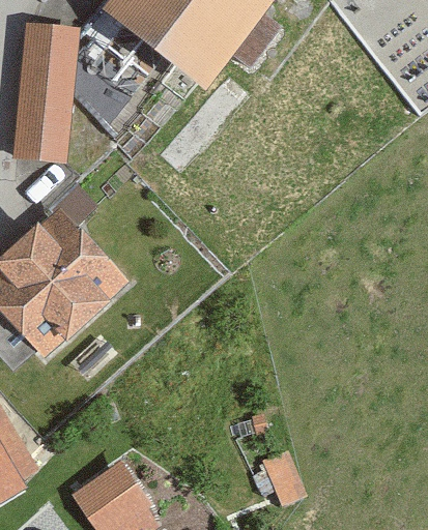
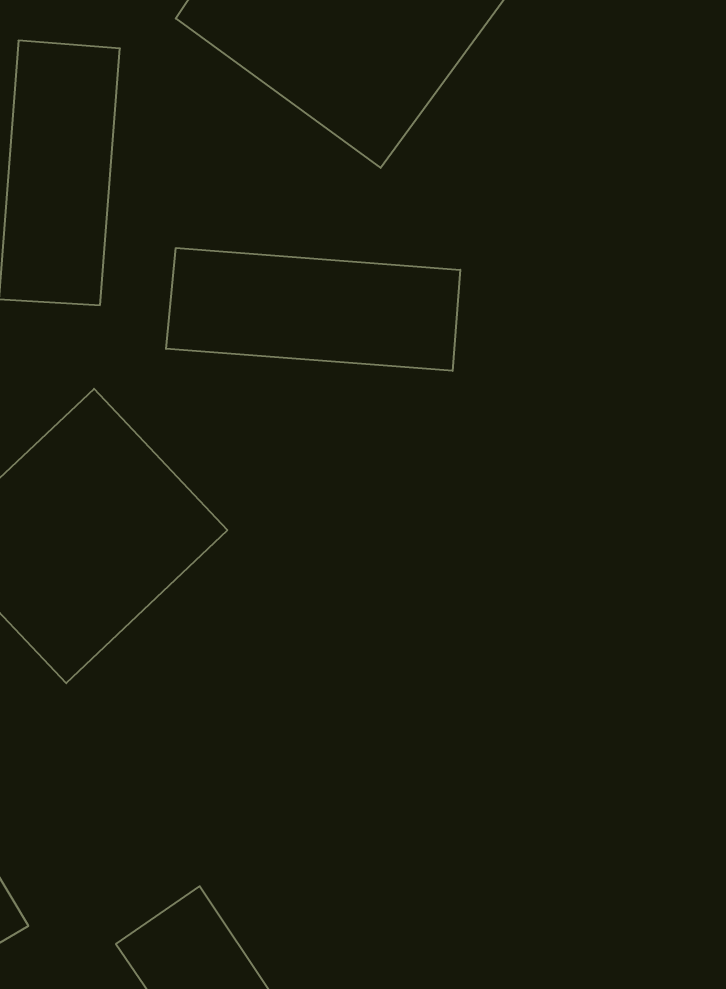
building: none -> [166,248,460,371]

